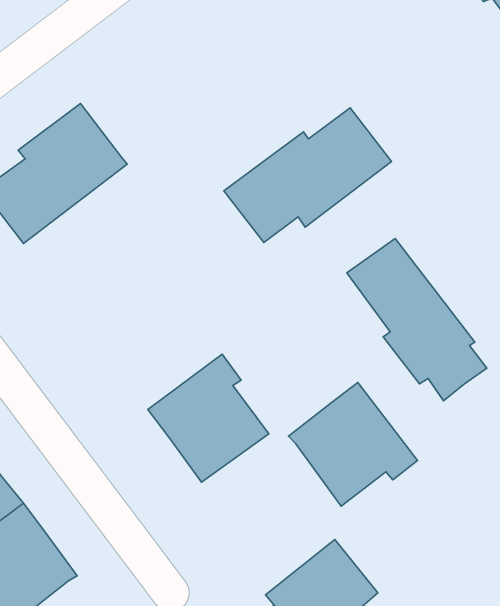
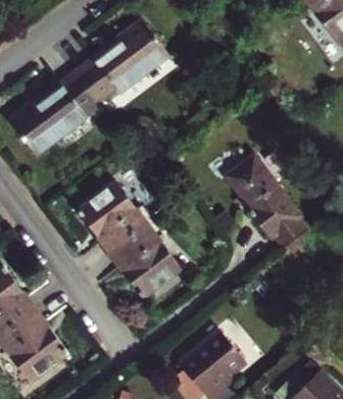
building: [224,108,392,243] -> [70,24,169,104]
building: none -> [78,183,154,254]
building: [288,382,418,506] -> none

